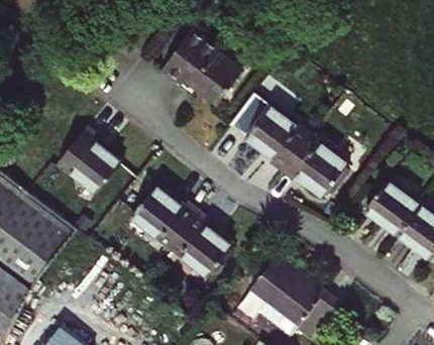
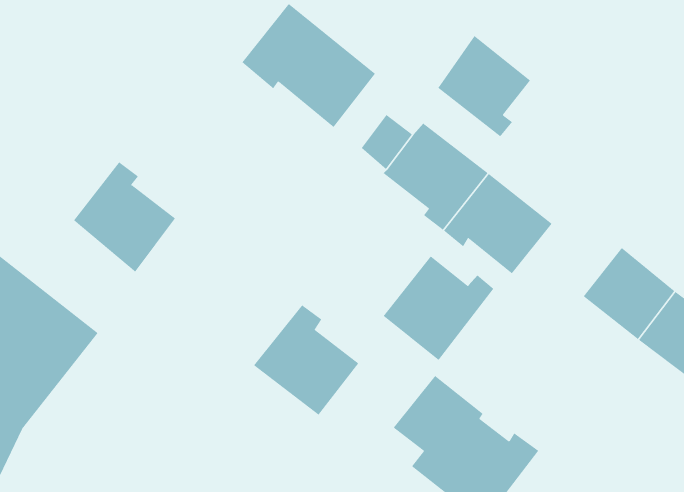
building: none -> [438,35,531,137]
building: none -> [383,256,494,361]
building: [129,188,197,249] -> none

